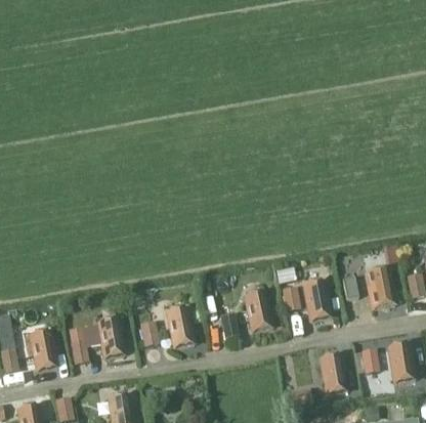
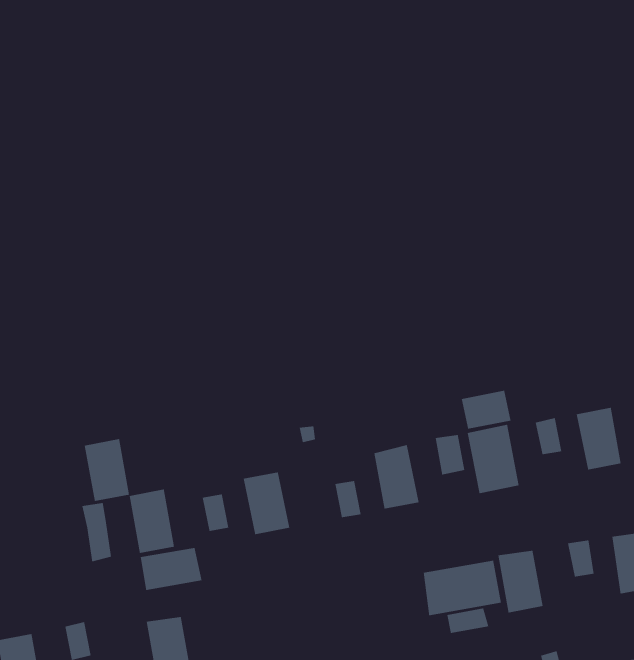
building: none -> [461,390,511,430]
building: [30,331,57,369] -> [84,439,130,502]
building: none -> [140,547,202,591]
building: none -> [423,560,501,616]

